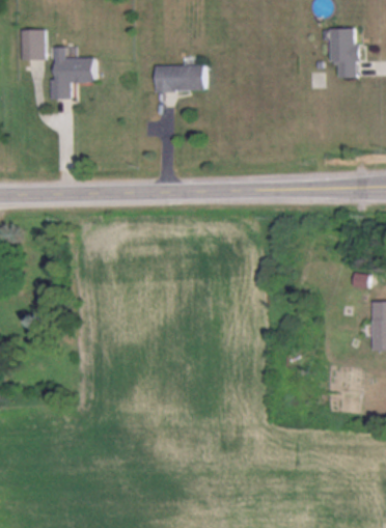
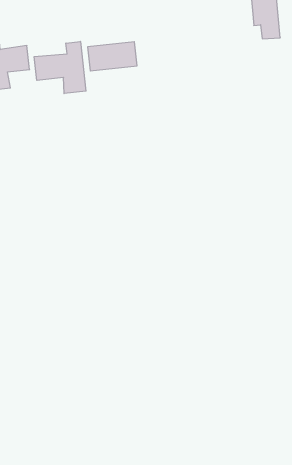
building: none -> [34,41,86,94]

